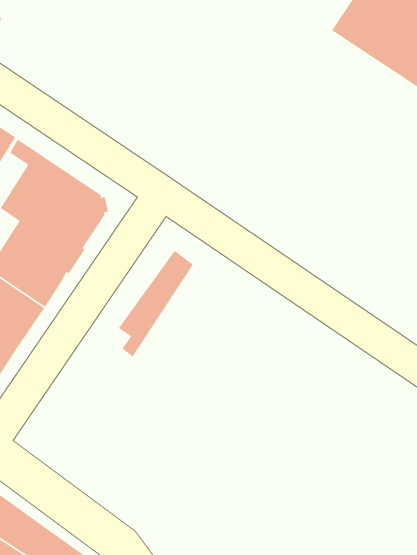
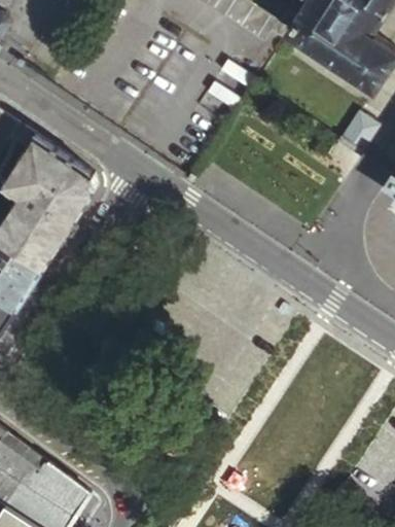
building: [118,250,194,357] -> none

